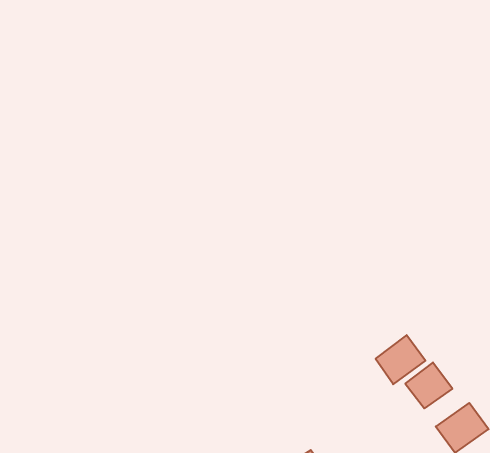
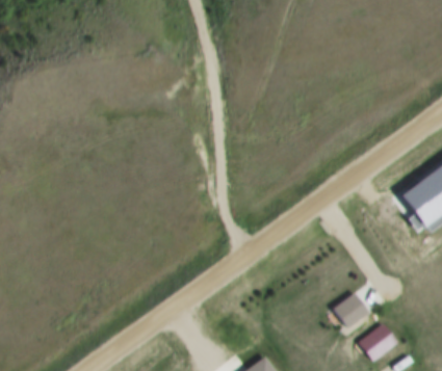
building: [376,335,425,384] -> none

